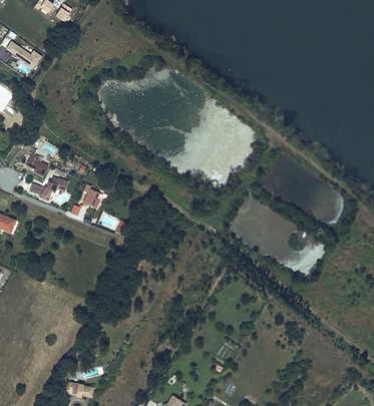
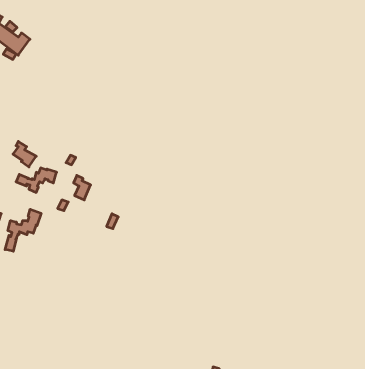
building: none -> [5,209,41,251]

